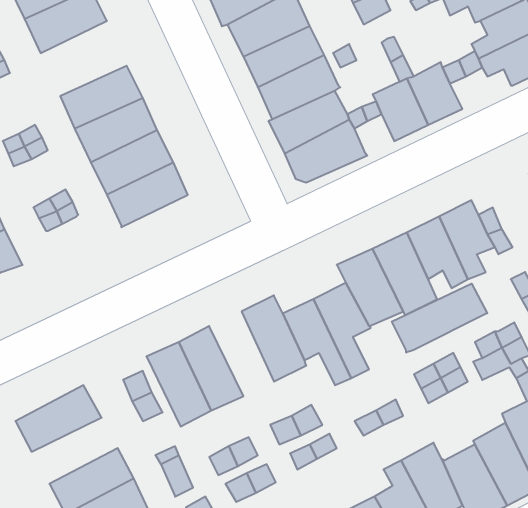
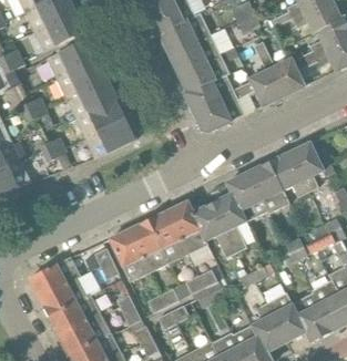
building: none -> [47,38,98,78]
building: [392,284,487,353] -> none
building: none -> [149,210,188,262]
building: none -> [39,276,92,317]

